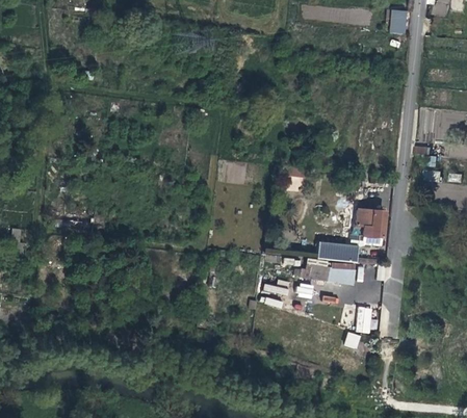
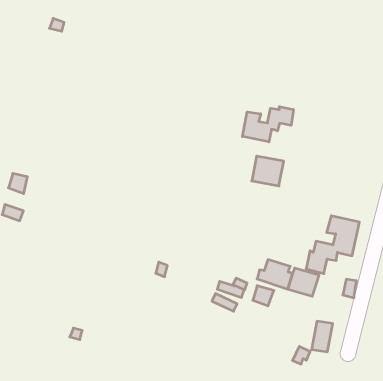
building: none -> [242,107,293,142]
building: [317,241,343,260] -> none

